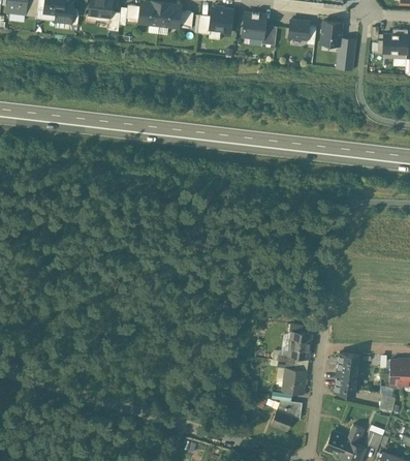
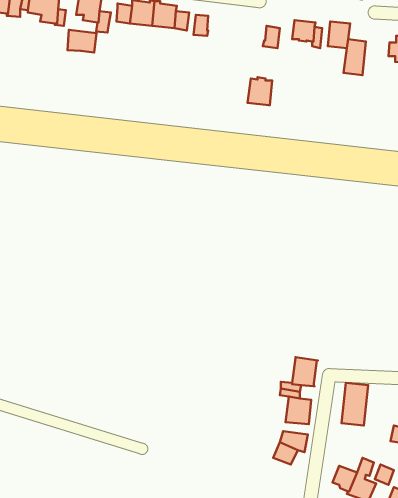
building: [210,8,232,34] -> none
building: [243,12,265,38] -> [248,77,272,105]
building: none -> [67,30,97,53]

